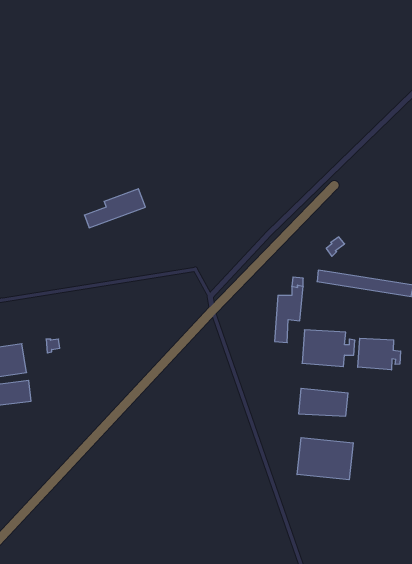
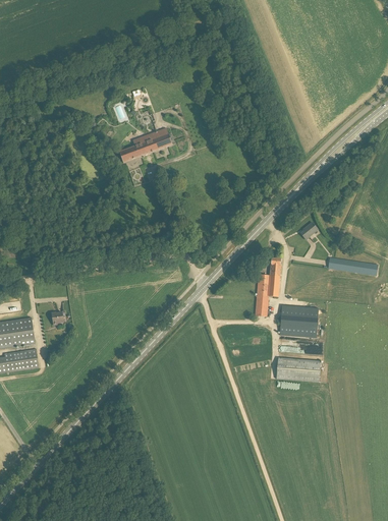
building: [84,189,145,228] -> [118,127,172,162]
building: [358,338,401,370] -> none
building: [297,438,353,480] -> none

